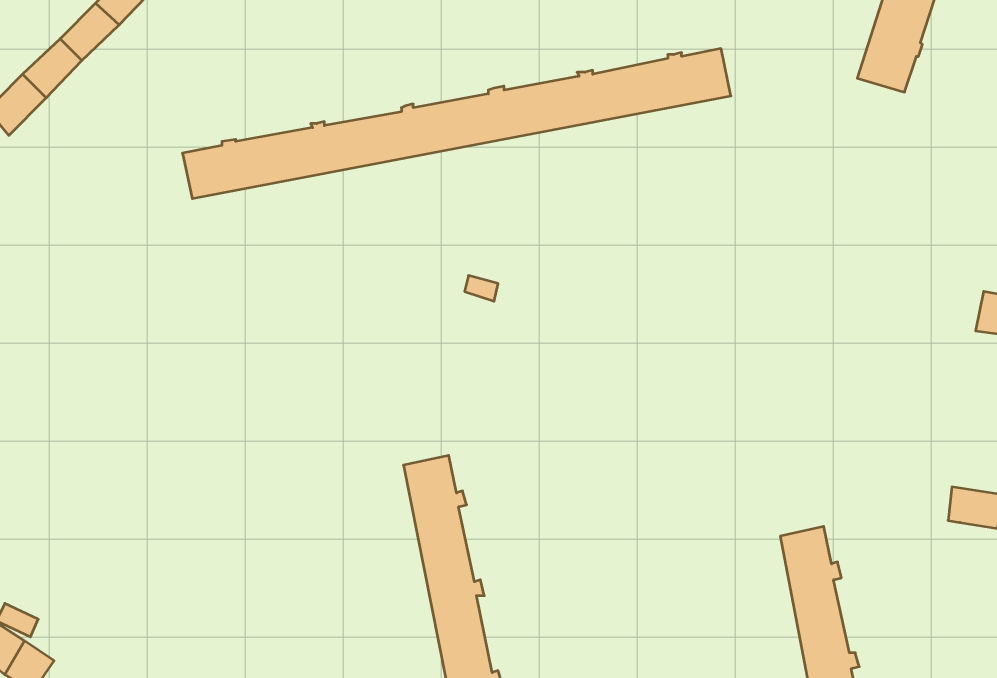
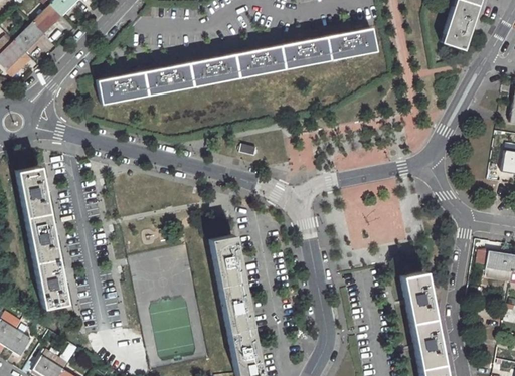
building: none -> [17,167,67,308]

